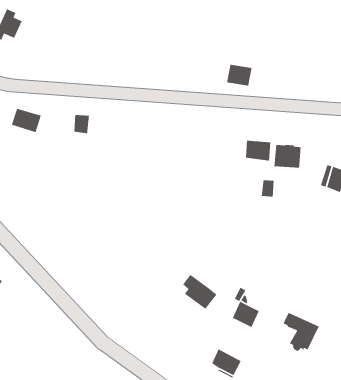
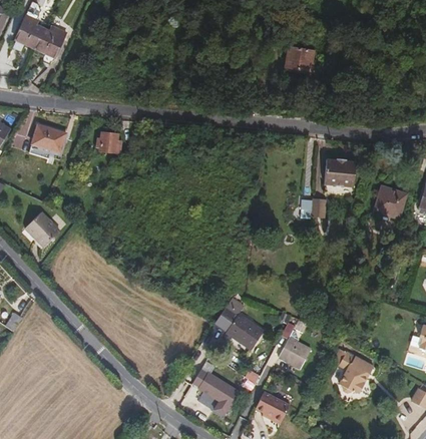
building: none -> [36,26,67,56]
building: [226,64,252,86] -> [286,45,315,70]
building: [245,140,271,161] -> none
building: none -> [26,211,59,245]
building: none -> [188,369,233,405]

